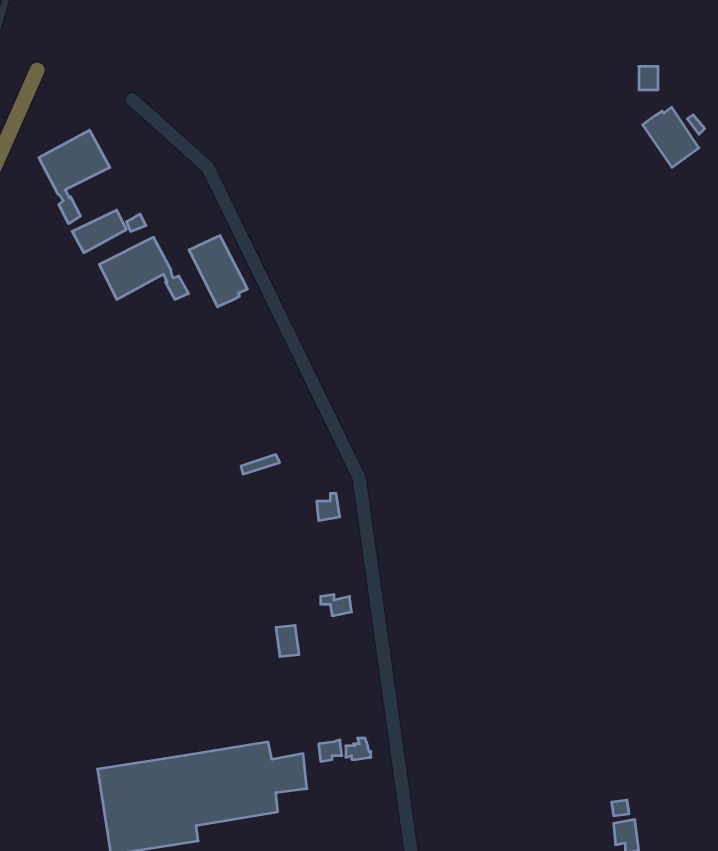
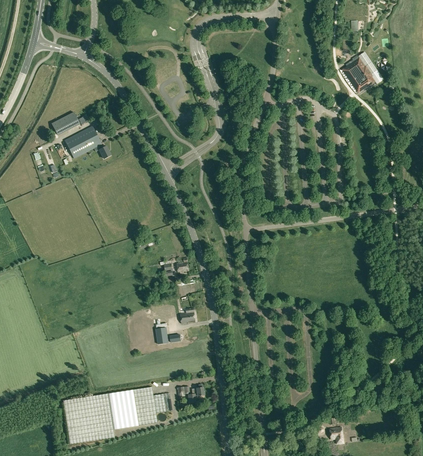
building: [39,130,110,224] -> none
building: [189,235,247,307] -> none

